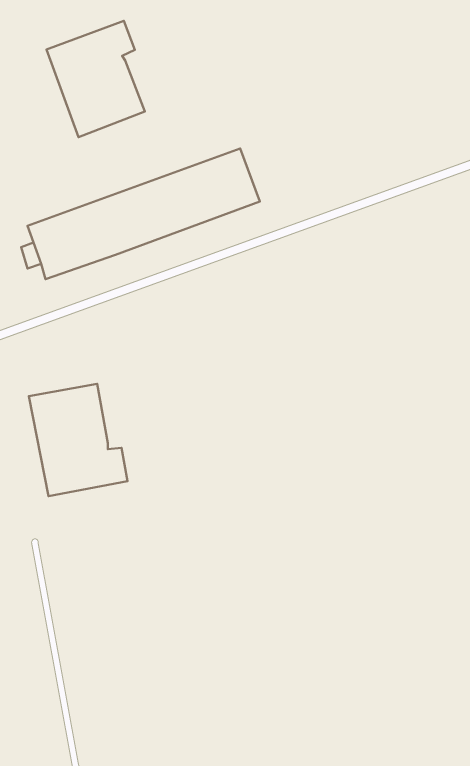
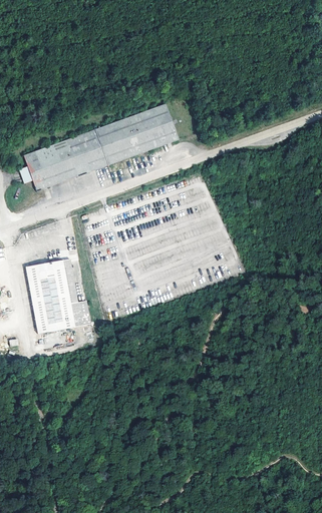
building: [47,21,145,137] -> none

